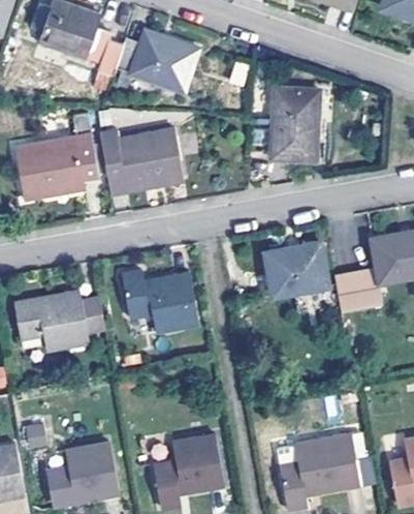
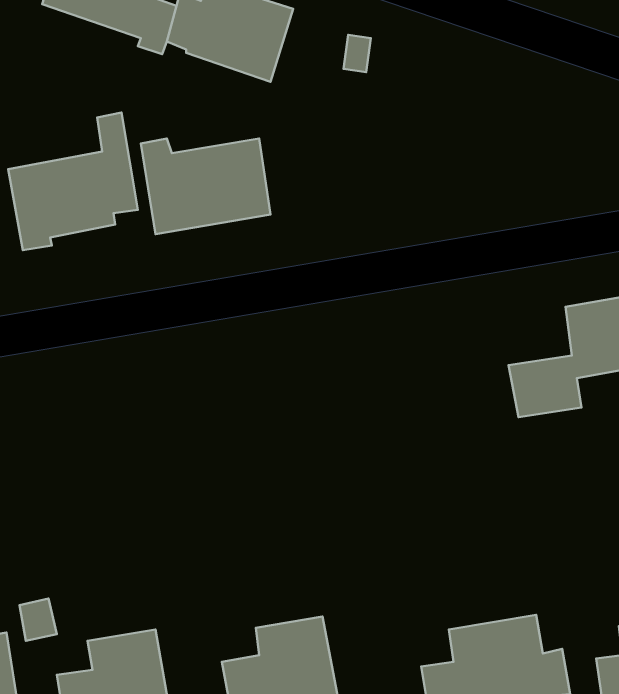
building: [269,86,319,160] -> none
building: [264,241,328,295] -> none
building: [121,270,198,332] -> none
building: [14,289,103,350] -> none

